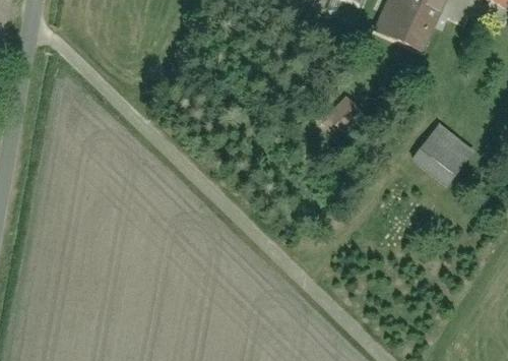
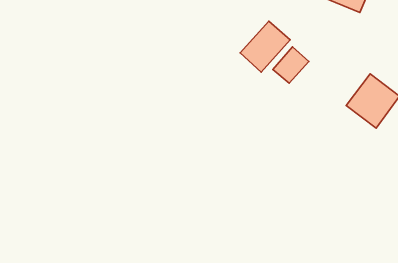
building: none -> [240,21,290,72]

